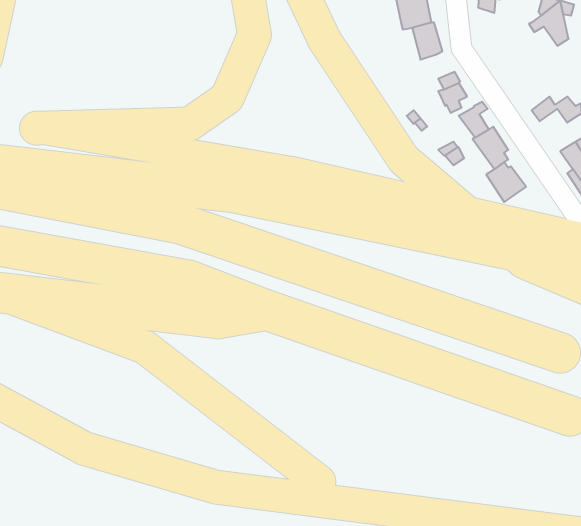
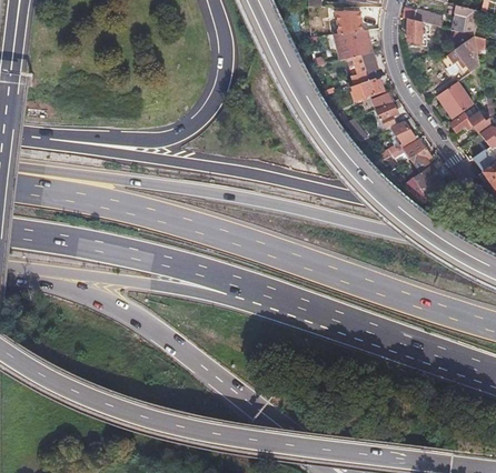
building: none -> [351,78,384,101]
building: none -> [438,81,474,117]

